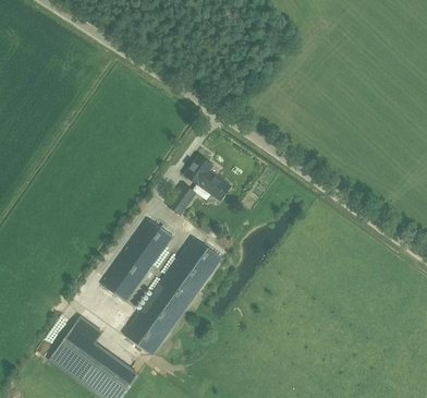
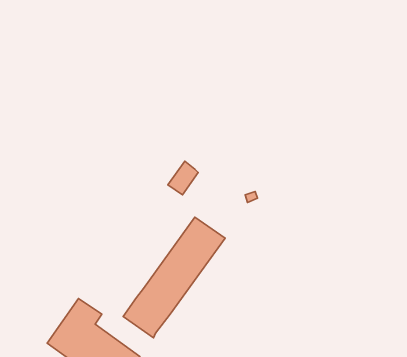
building: [184,156,230,201] -> none
building: [101,219,172,302] -> none

